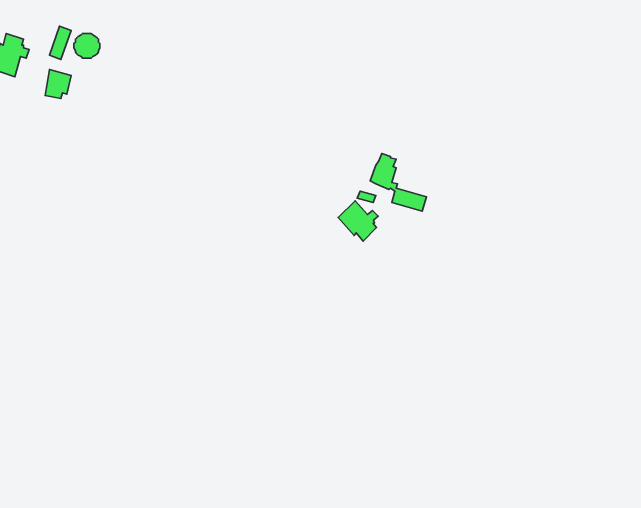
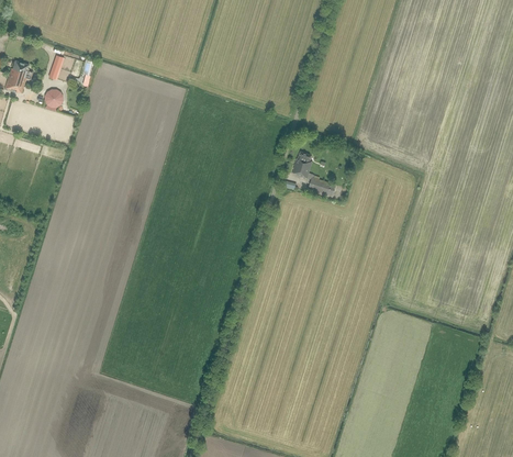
building: [338,201,378,241] -> none

